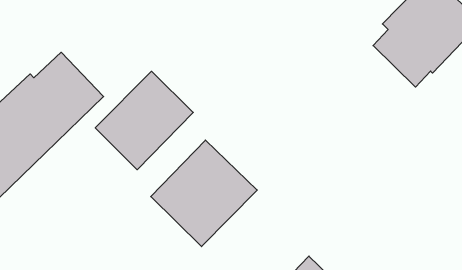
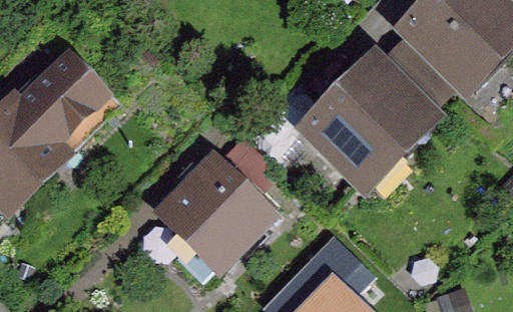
building: none -> [311,54,444,182]
building: [95,71,193,170] -> none

